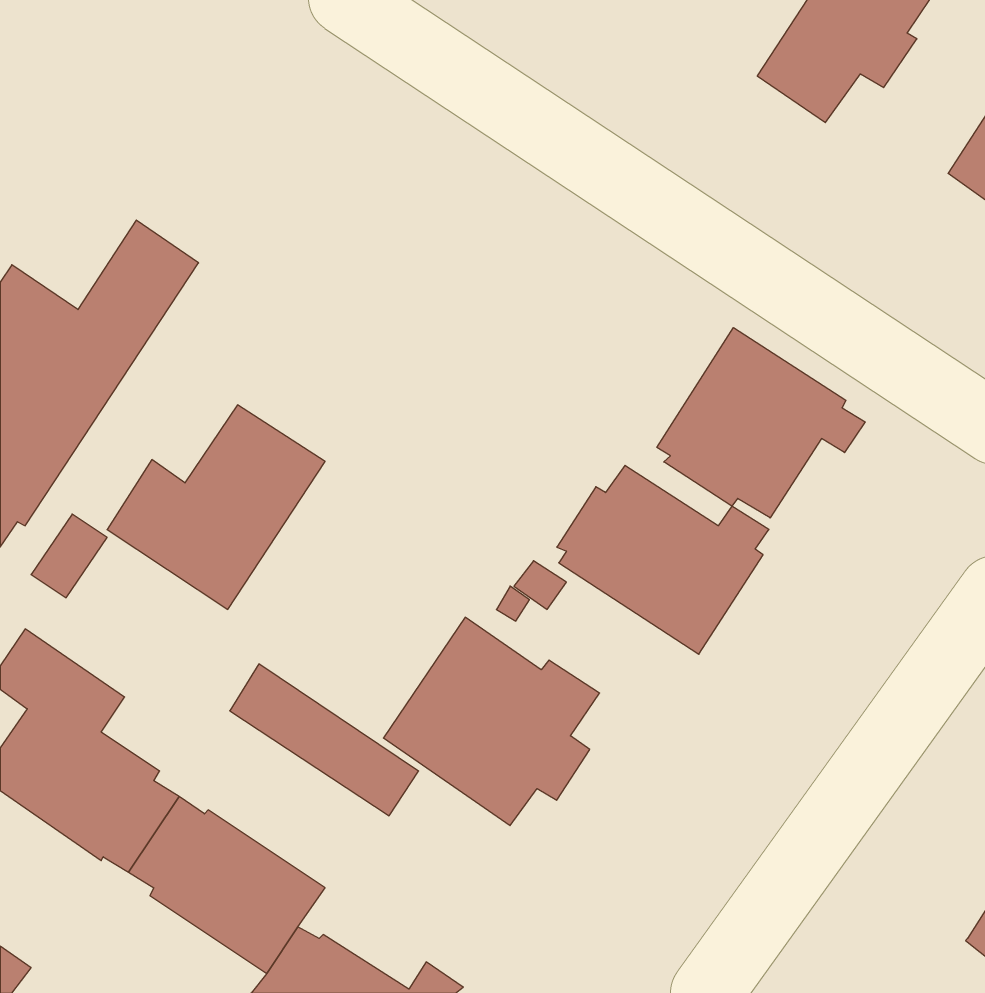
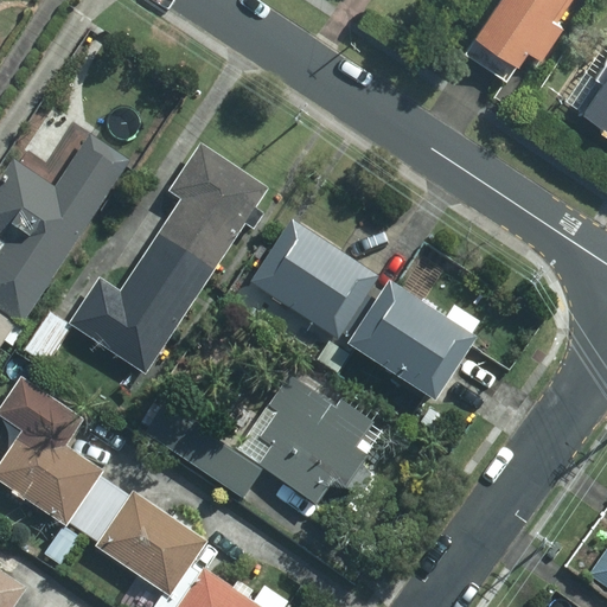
building: none -> [151,146,266,281]
building: [657,328,865,518] -> none
building: none -> [253,221,377,337]

